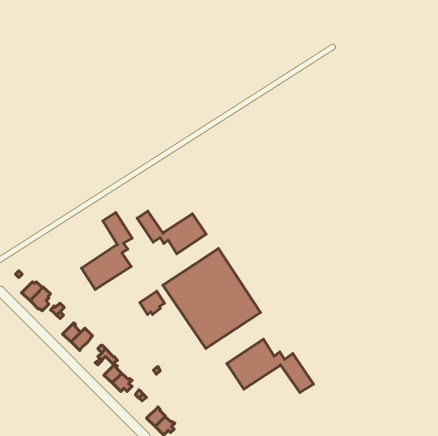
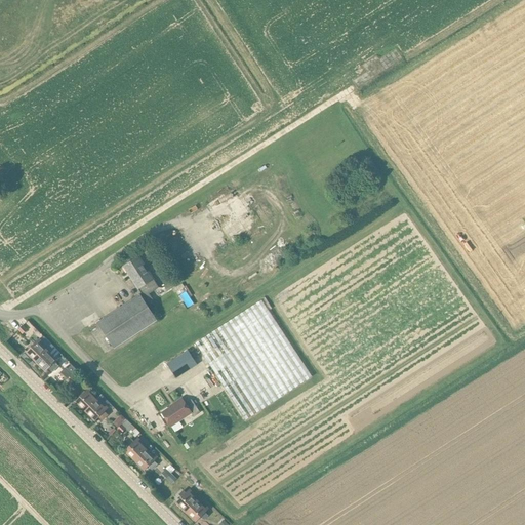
building: [137,211,206,254] -> none
building: none -> [161,397,200,425]
building: [227,339,313,393] -> none

